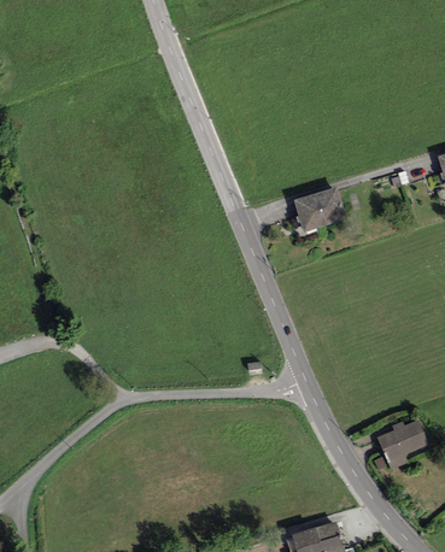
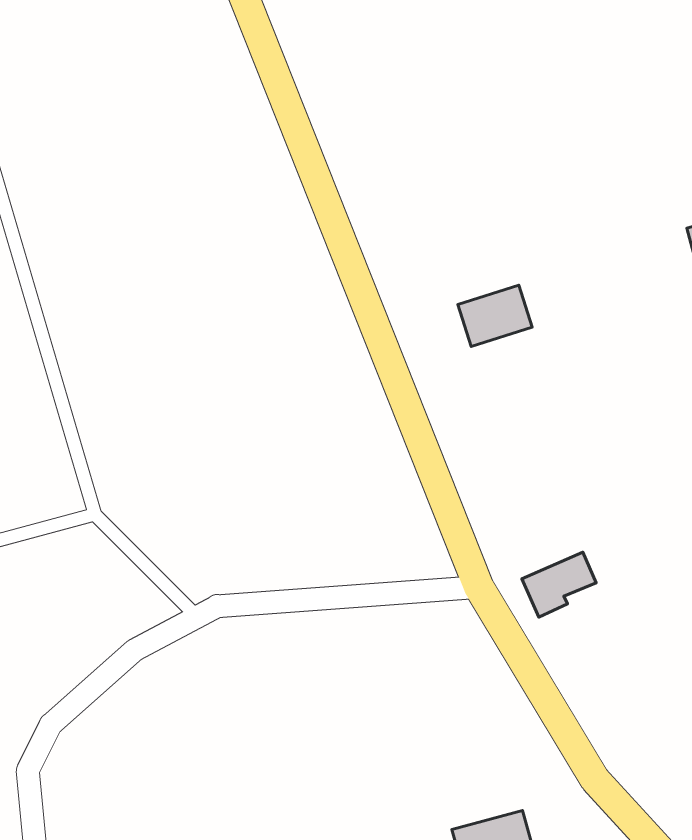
building: [379,423,426,464] -> [522,552,596,617]

